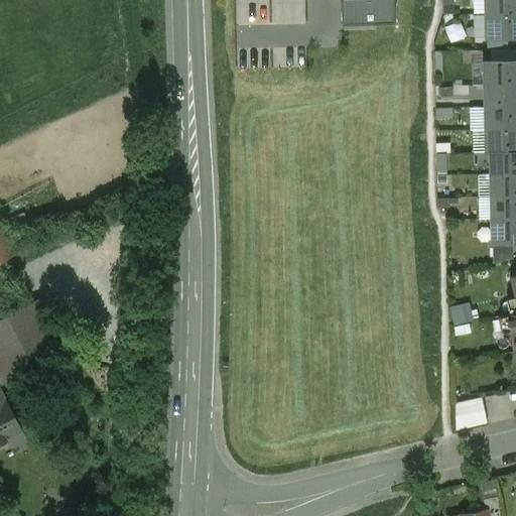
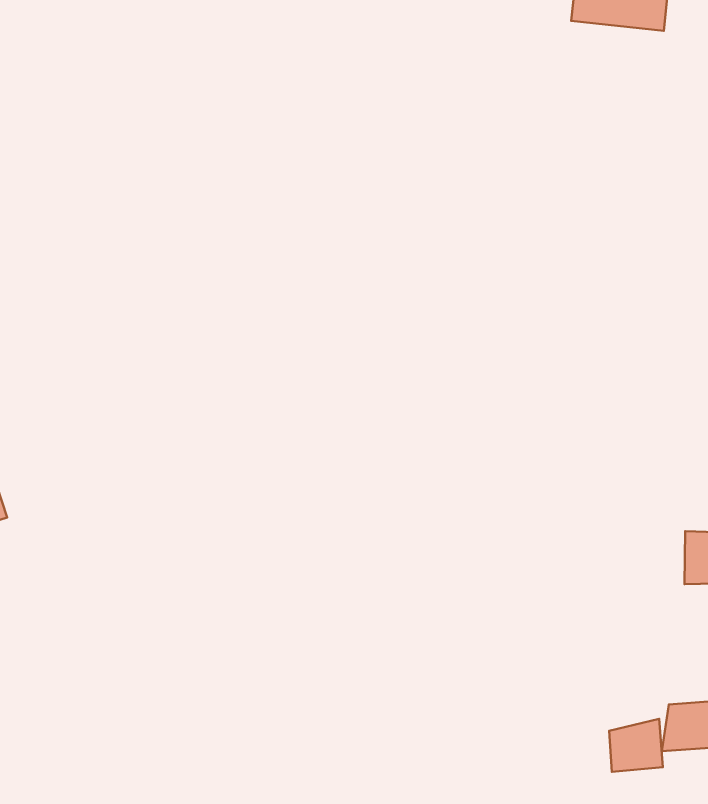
building: none -> [609,719,663,772]

